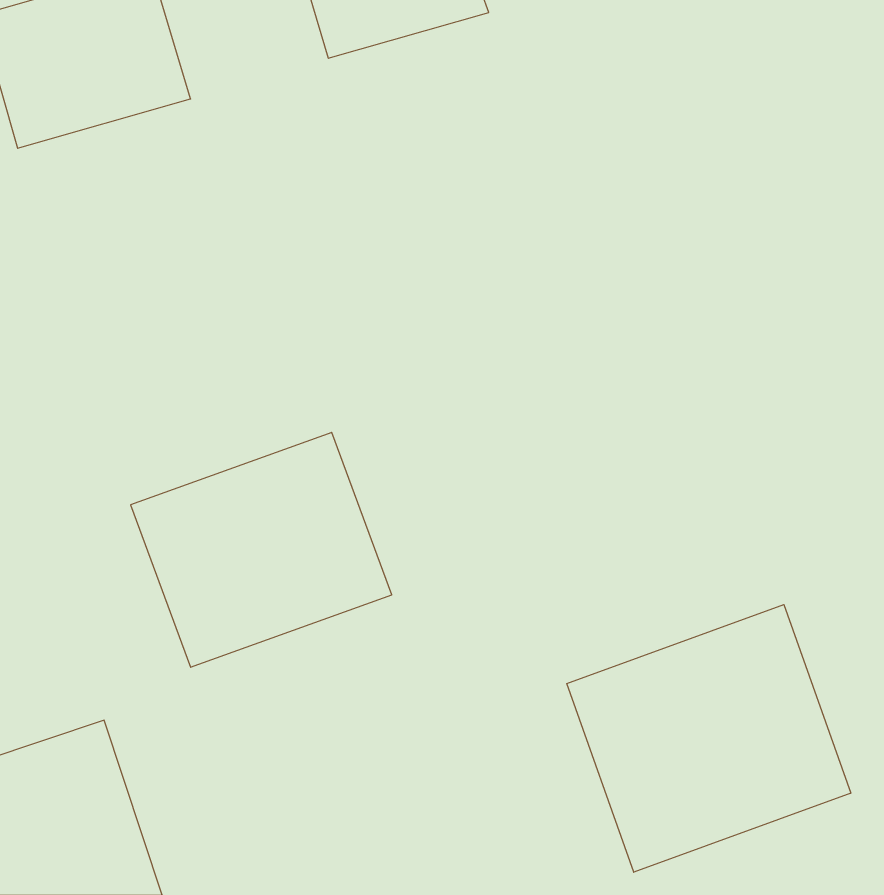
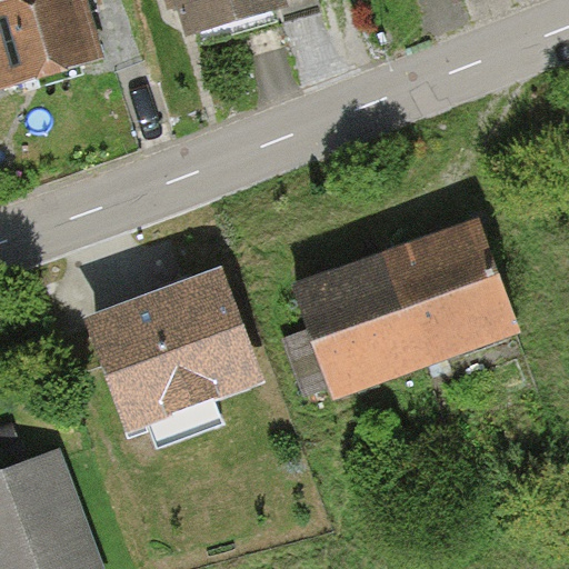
building: none -> [295,224,501,386]
building: [567,605,851,872] -> none

